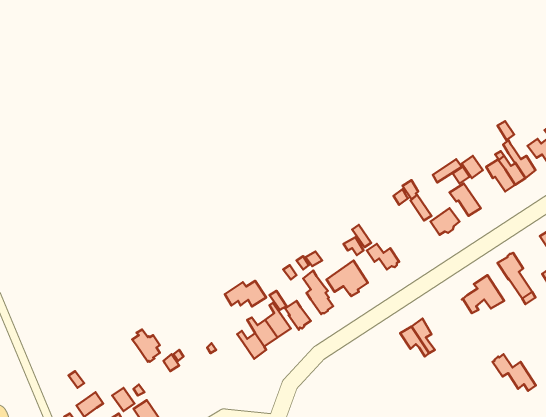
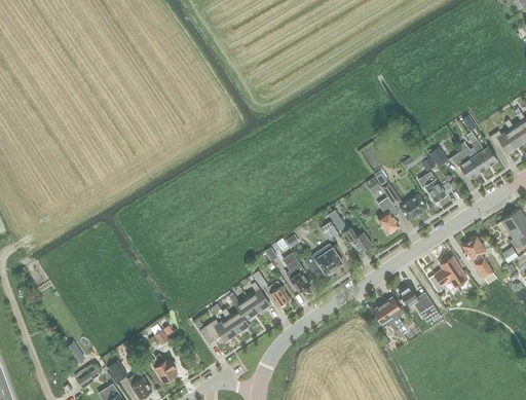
building: none -> [378,196,399,232]
building: [225,281,266,307] -> [199,318,237,341]
building: [132,330,160,362] -> [150,353,176,383]
building: [492,354,536,391] -> [399,285,439,319]

